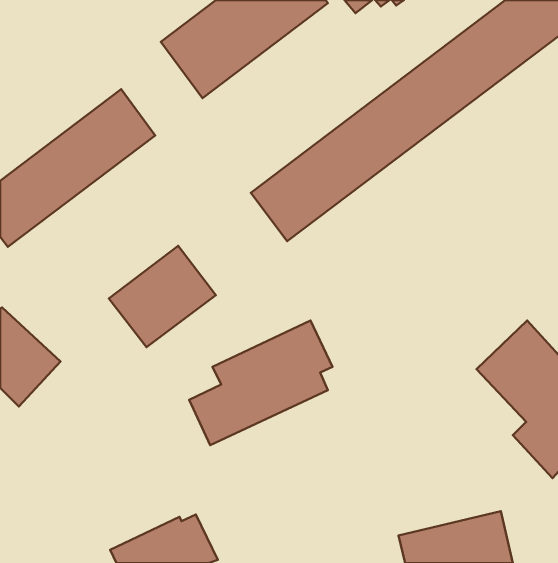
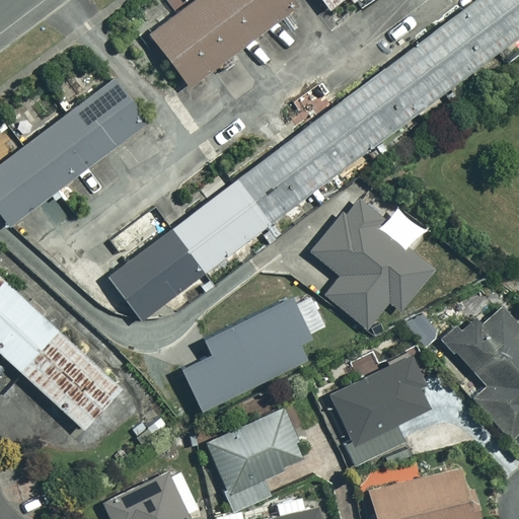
building: none -> [168,177,269,272]
building: none -> [308,197,435,327]
building: none -> [21,332,123,432]
building: none -> [332,359,436,466]
building: none -> [209,412,304,512]

